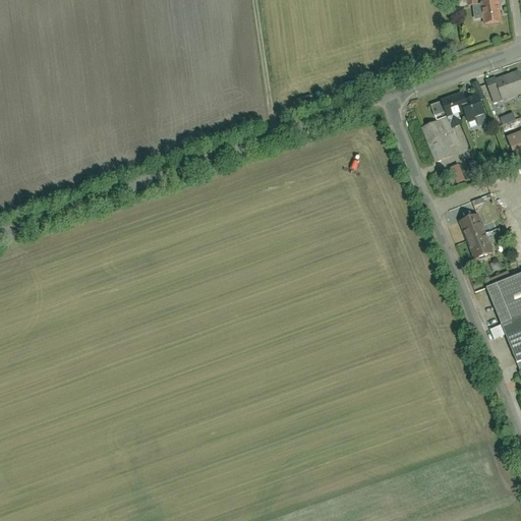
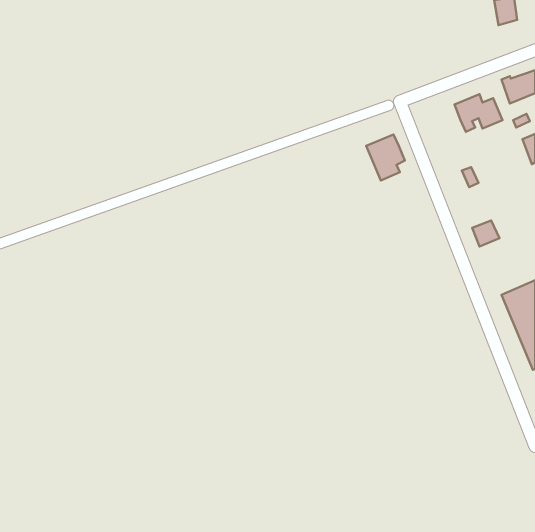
building: [421,117,459,162] -> [366,134,405,180]
building: [466,232,494,258] -> none

